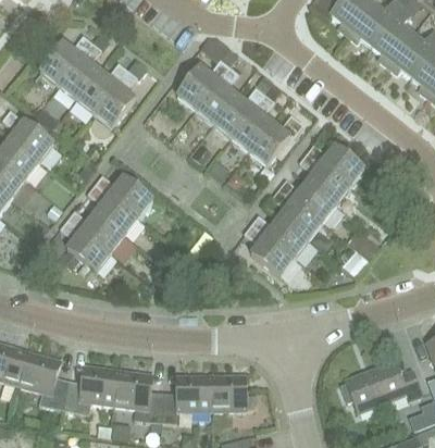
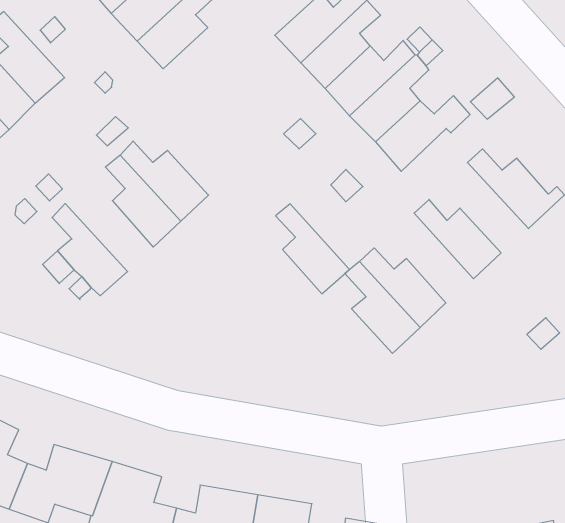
building: [299,153,349,204] -> none
building: [271,189,321,240] -> [276,204,349,294]
building: [66,210,124,253] -> none

